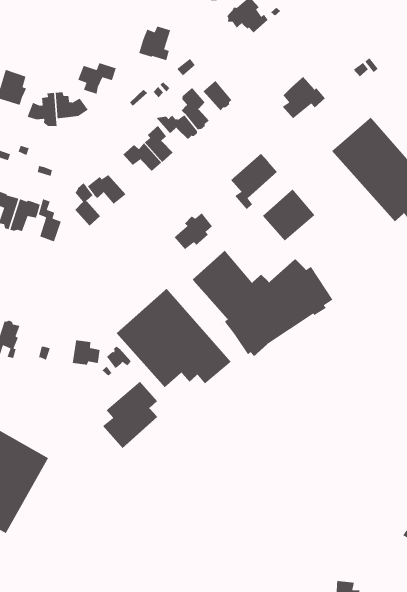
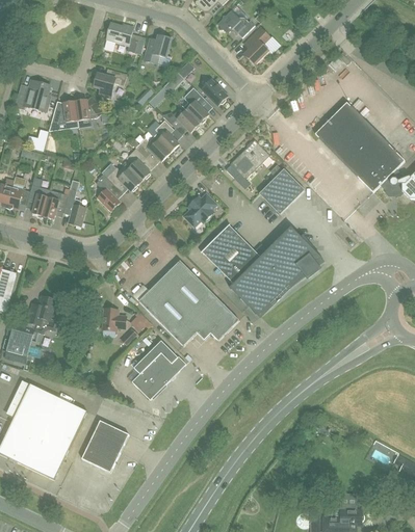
building: none -> [104,22,144,53]
building: [282,76,326,119] -> [243,26,281,63]
building: none -> [124,147,150,181]
building: none -> [81,419,129,472]

